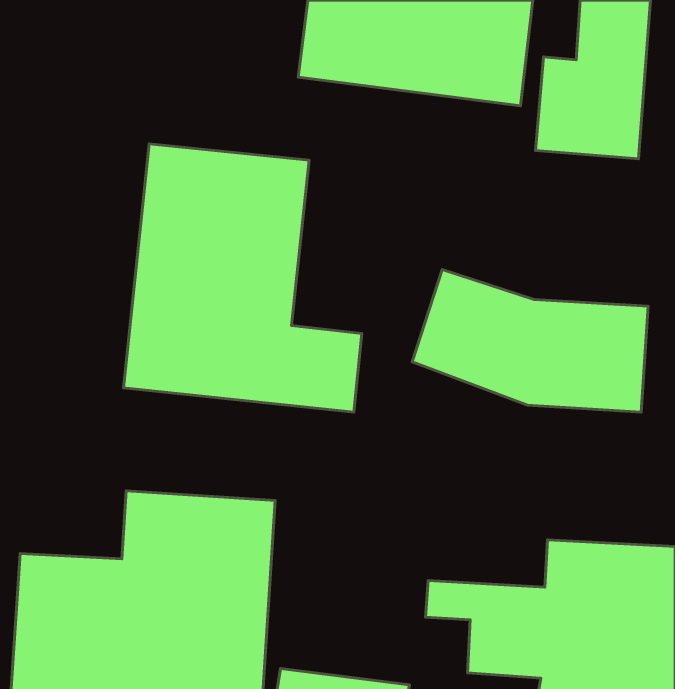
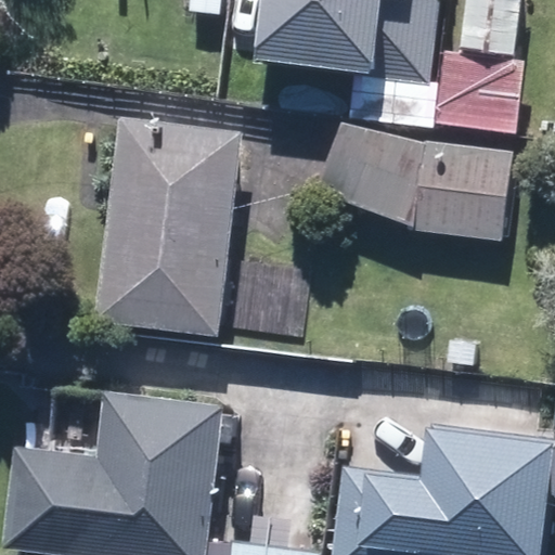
building: [412,270,648,412] -> [321,121,509,235]

